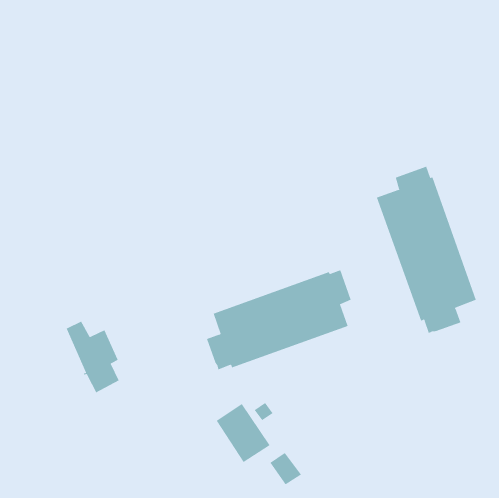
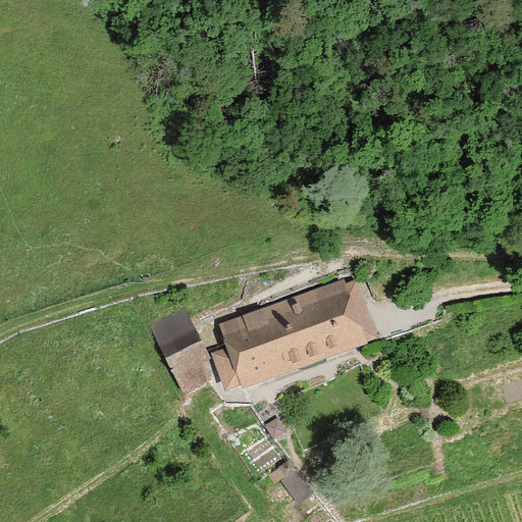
building: [376,166,477,334] -> none
building: [66,321,119,393] -> [152,315,208,390]

